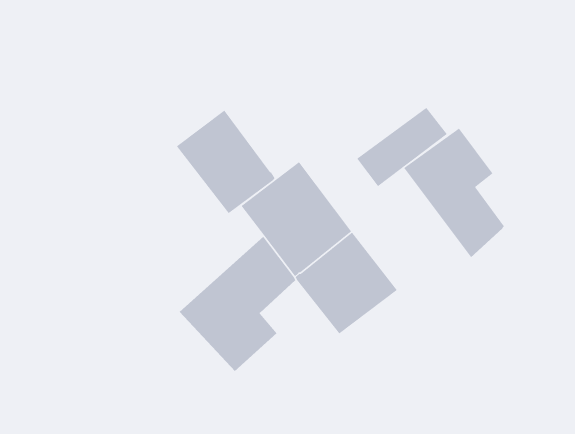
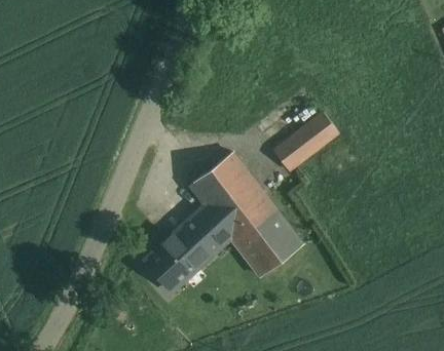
building: [176,109,276,214] -> none
building: [403,127,505,258] -> none

